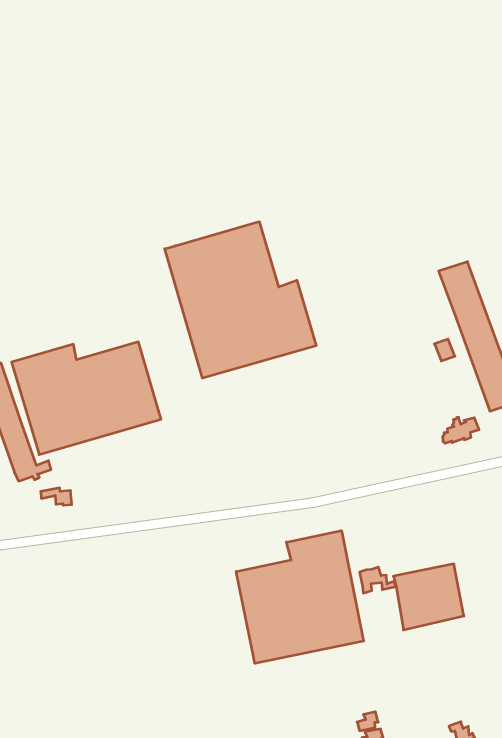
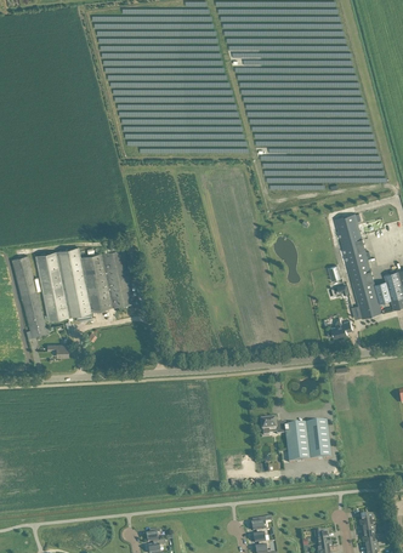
building: [165,222,316,378] -> none
building: [236,531,364,663] -> none

